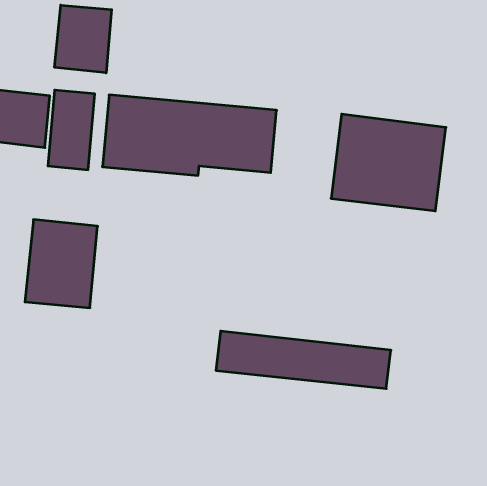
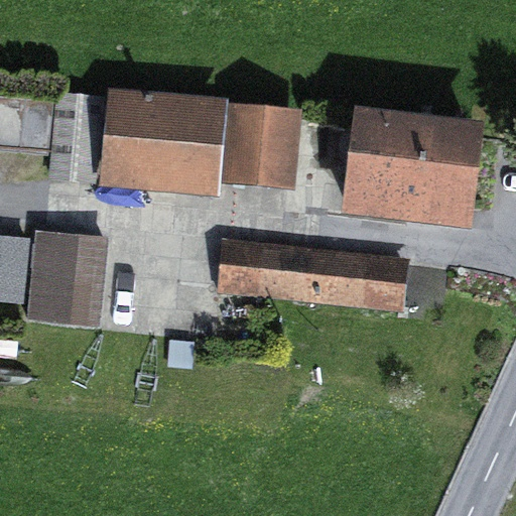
building: [55,5,112,73] -> none
building: [216,331,391,389] -> [218,243,402,303]

